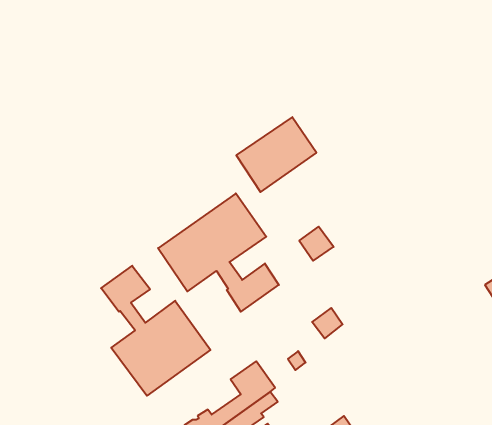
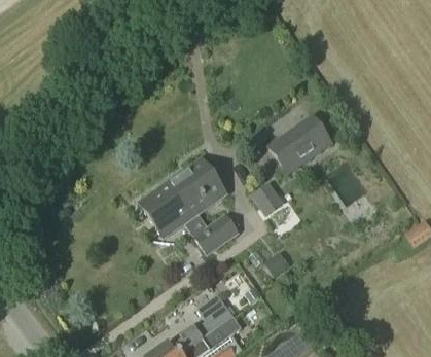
building: [236,117,316,192] -> [267,113,332,174]
building: [101,266,210,396] -> none

